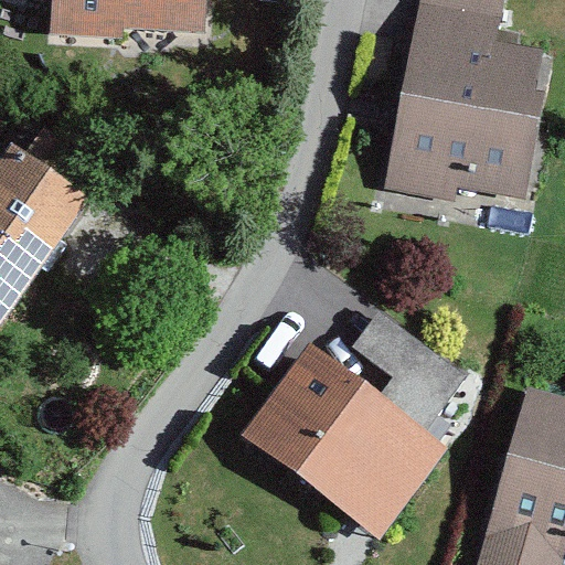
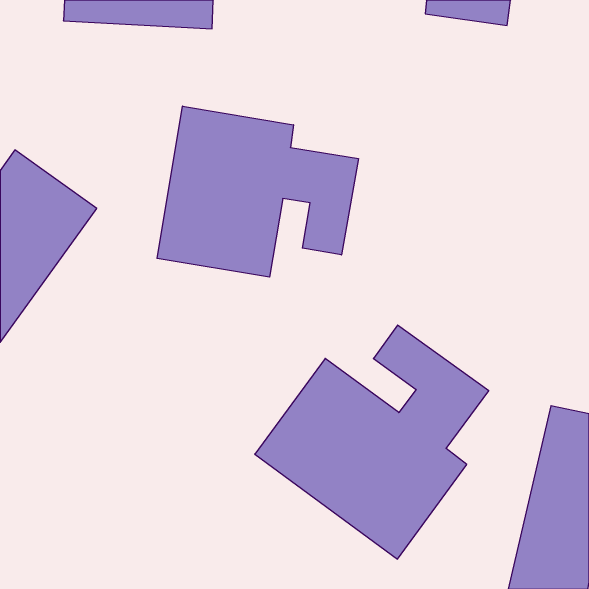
building: [376,19,530,209] -> none
building: none -> [157,106,358,277]

